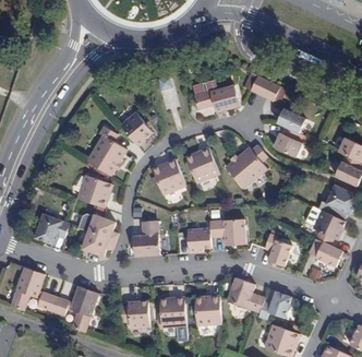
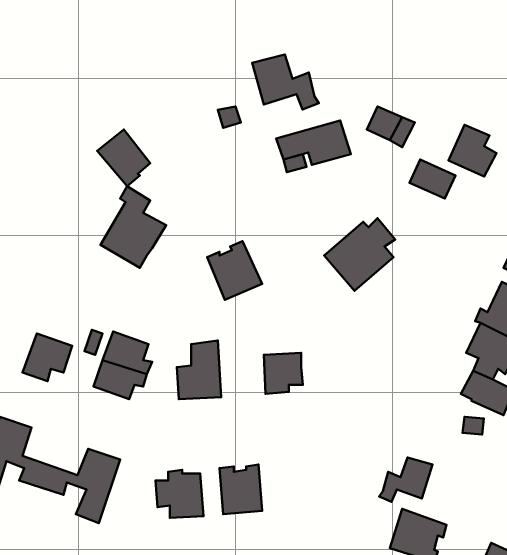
building: none -> [252,55,319,109]
building: [118,110,150,145] -> [97,129,150,186]
building: [273,126,302,157] -> [449,125,496,176]
building: [184,146,218,182] -> none
building: [76,175,112,207] -> none
building: [208,217,245,245] -> none
building: [264,234,291,266] -> none
building: [227,277,264,312] -> none
building: [194,294,220,324] -> none

